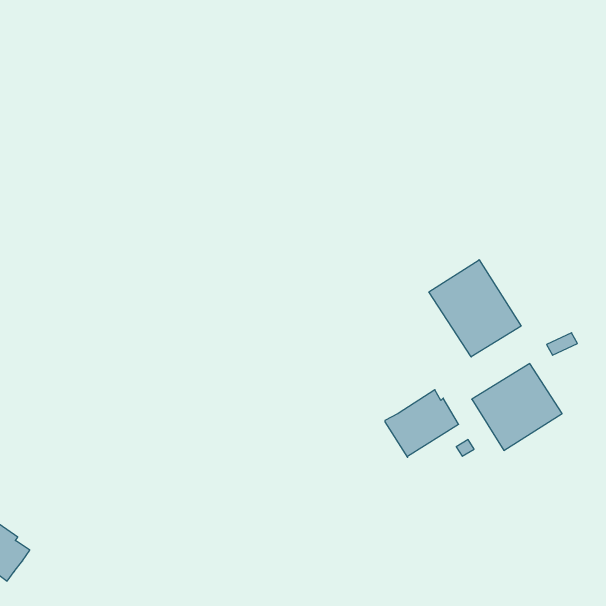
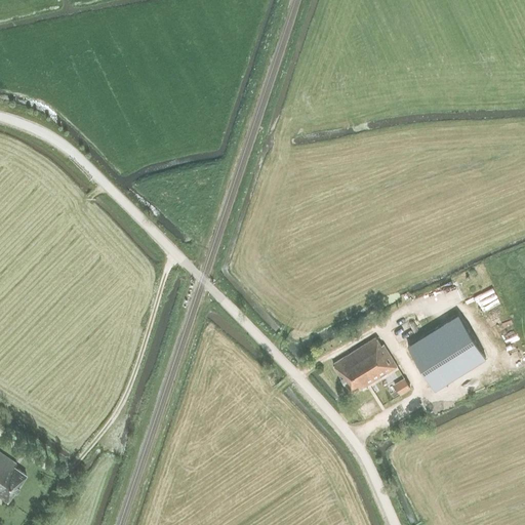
building: [429,260,521,357] -> none

